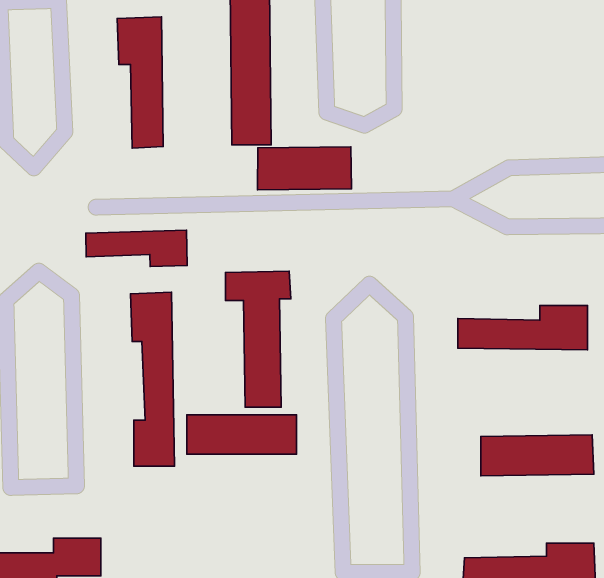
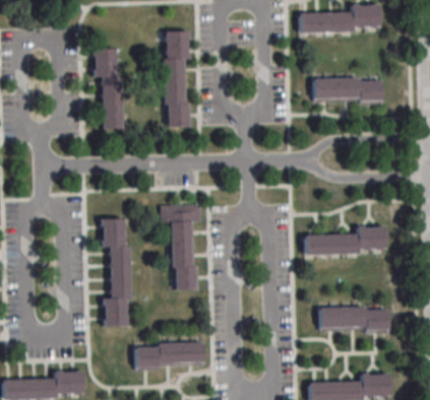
building: none -> [313,78,382,104]
building: [257,147,352,190] -> none
building: [86,230,187,266] -> none
building: [187,415,296,454] -> [135,343,203,368]

